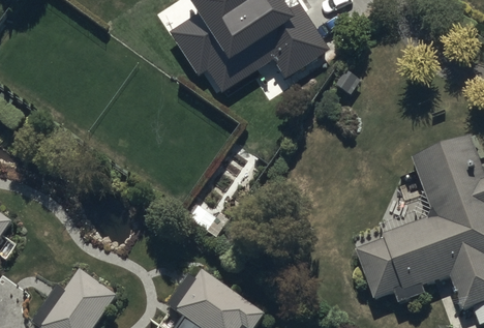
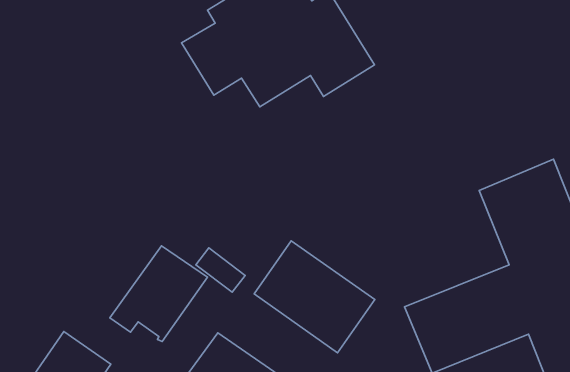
building: none -> [254,241,375,353]
building: none -> [110,246,208,342]

